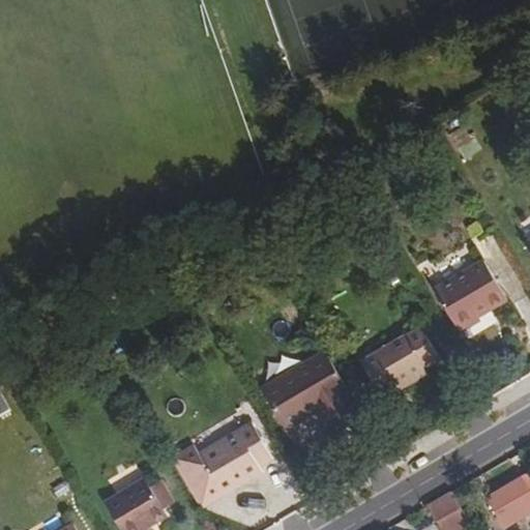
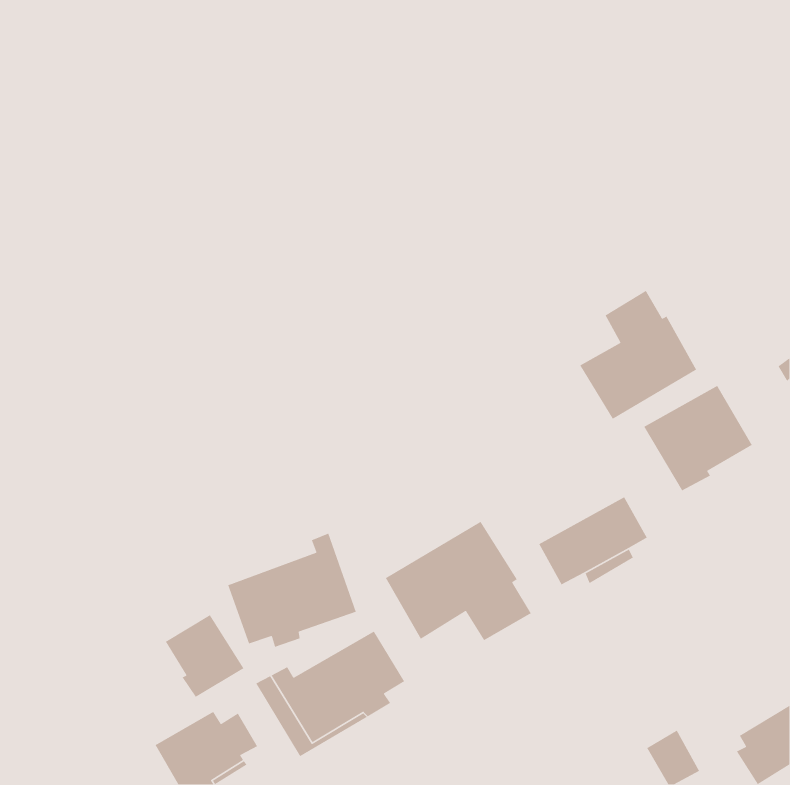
building: none -> [579,290,697,420]
building: none -> [227,533,357,648]
building: none -> [165,614,245,698]

